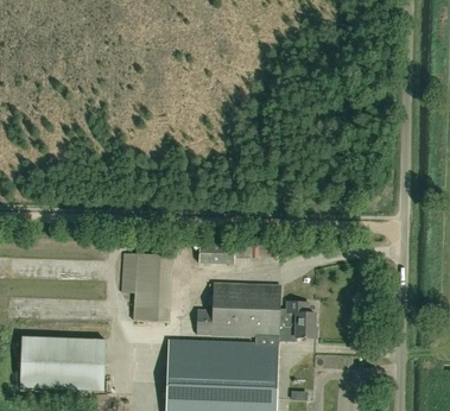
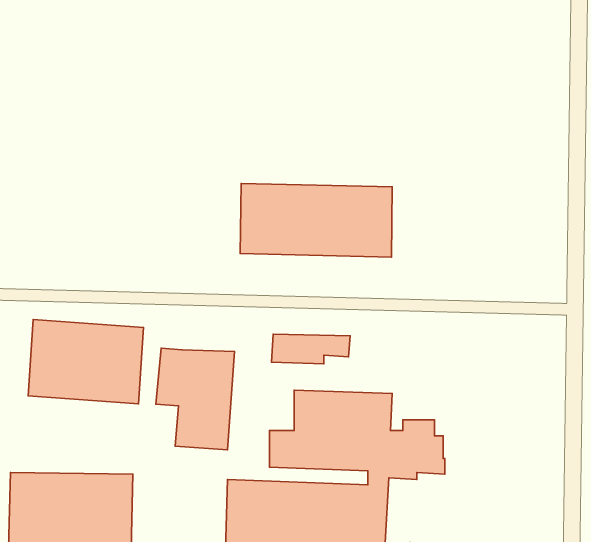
building: none -> [240,183,392,257]
building: none -> [28,319,143,404]

